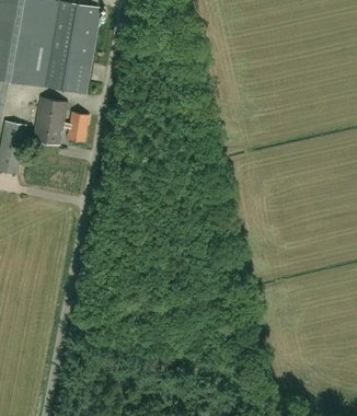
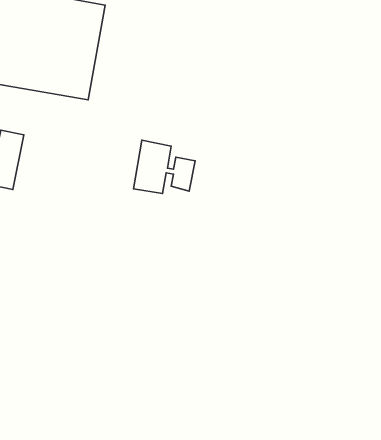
building: [34,97,90,146] -> [133,140,195,194]

